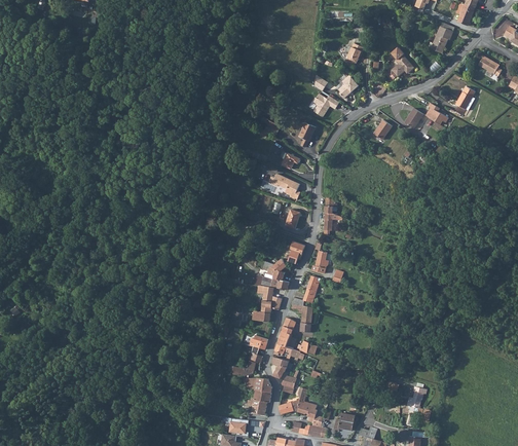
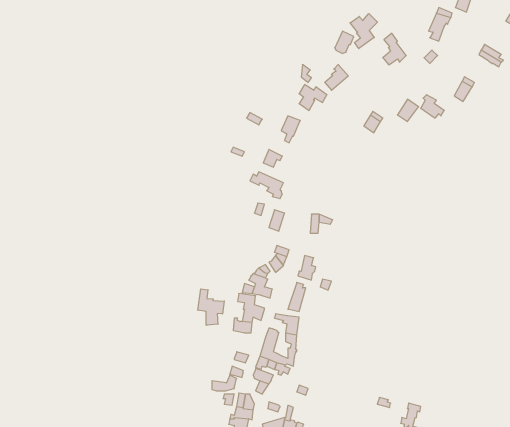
building: none -> [350,14,377,49]
building: none -> [198,289,224,325]

